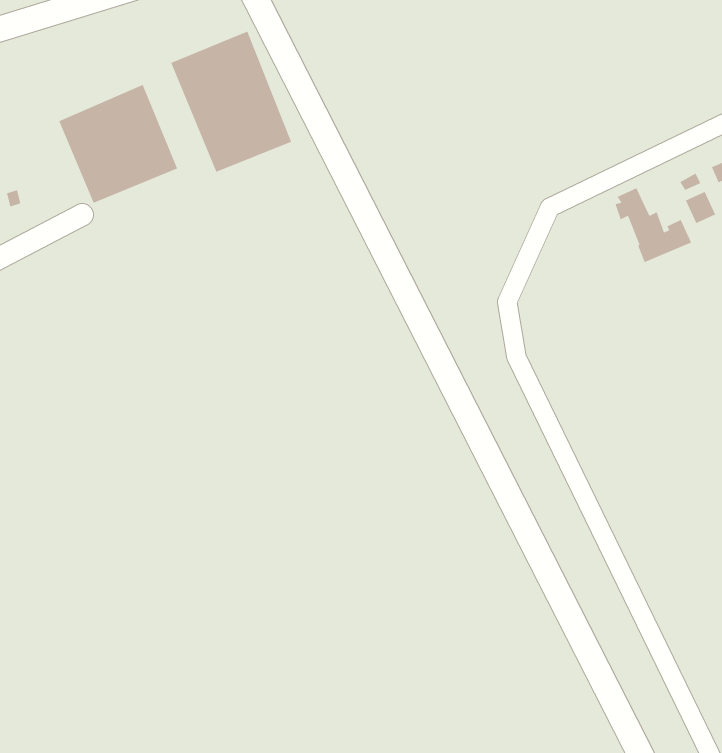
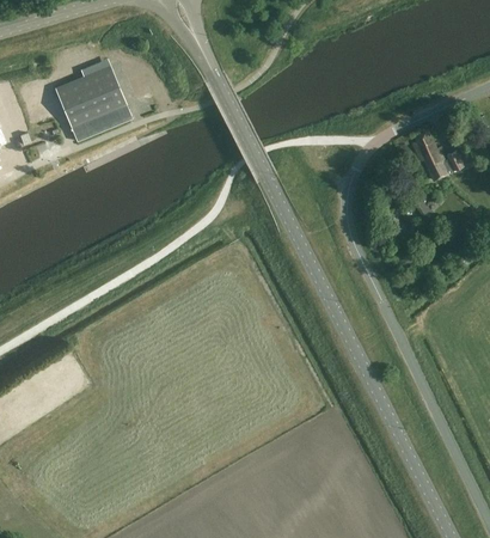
building: [170,30,292,173] -> none

